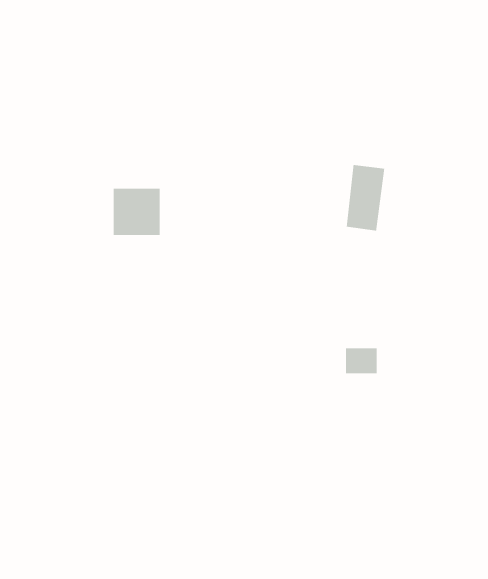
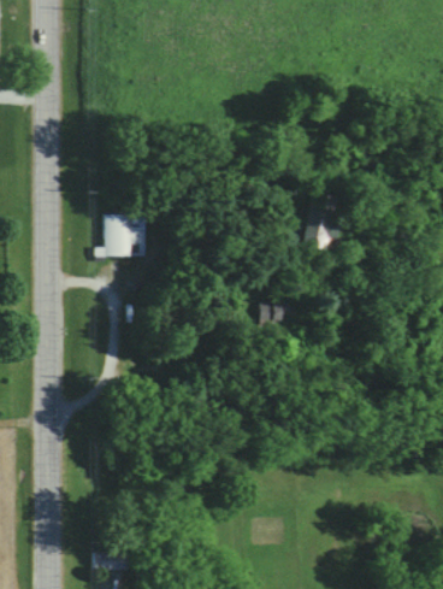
building: [345,347,378,374] -> [258,301,285,324]

